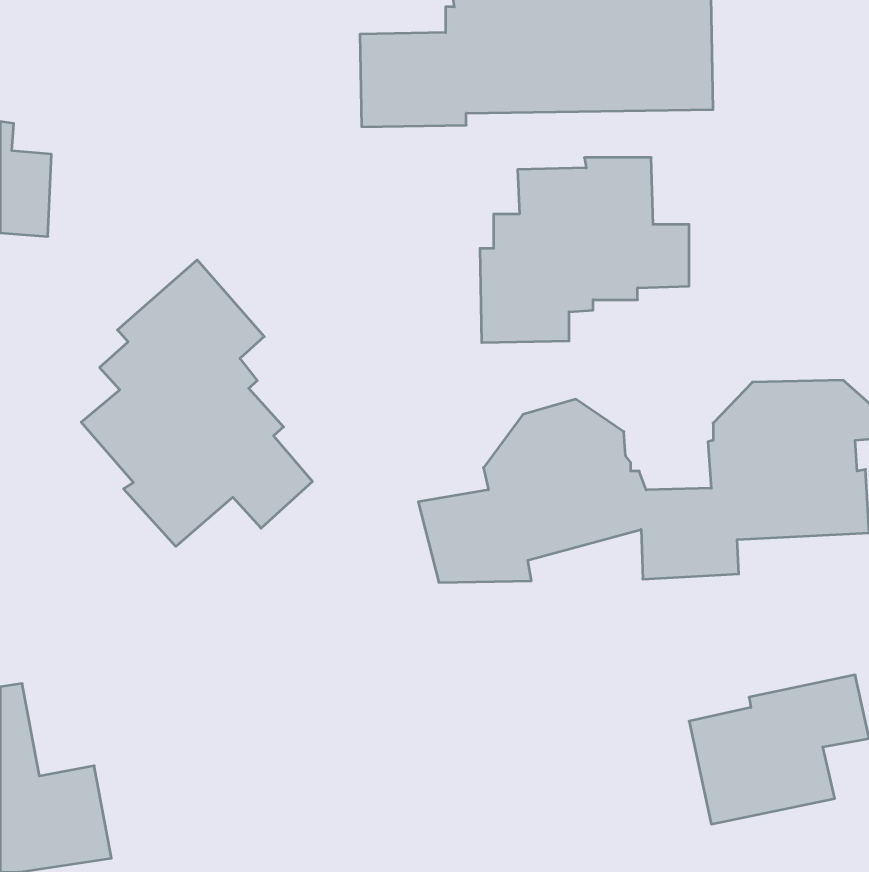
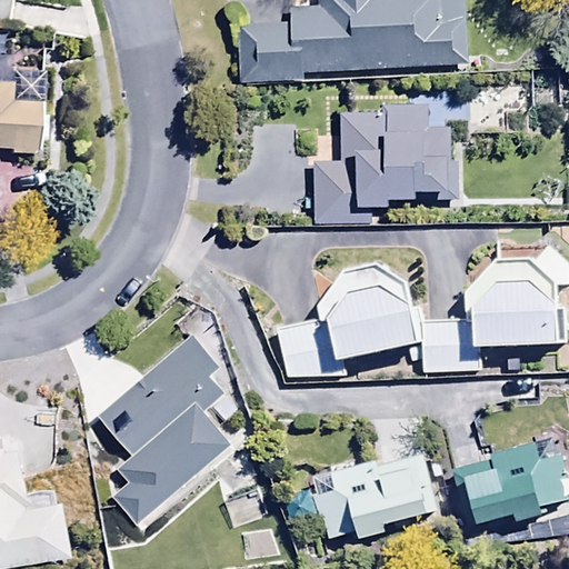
building: [81,260,312,546] -> none
building: none -> [98,331,234,527]
building: none -> [312,451,441,541]

